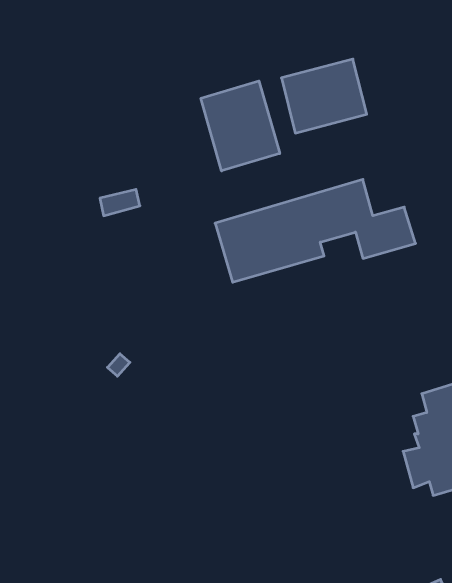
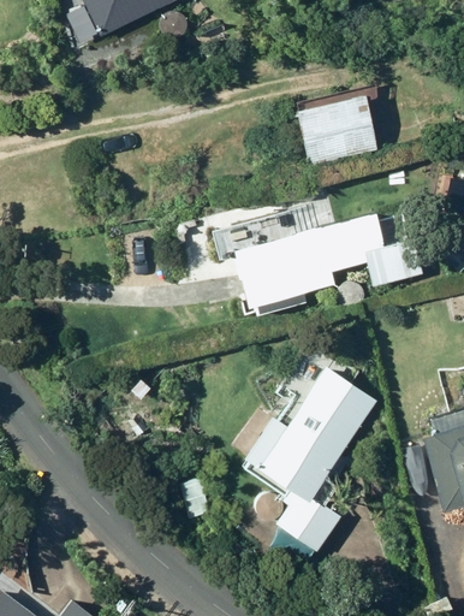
building: [201,81,280,171] -> none
building: none -> [246,366,375,555]

